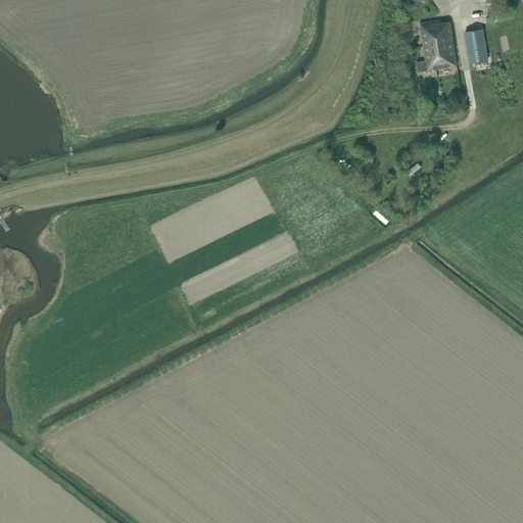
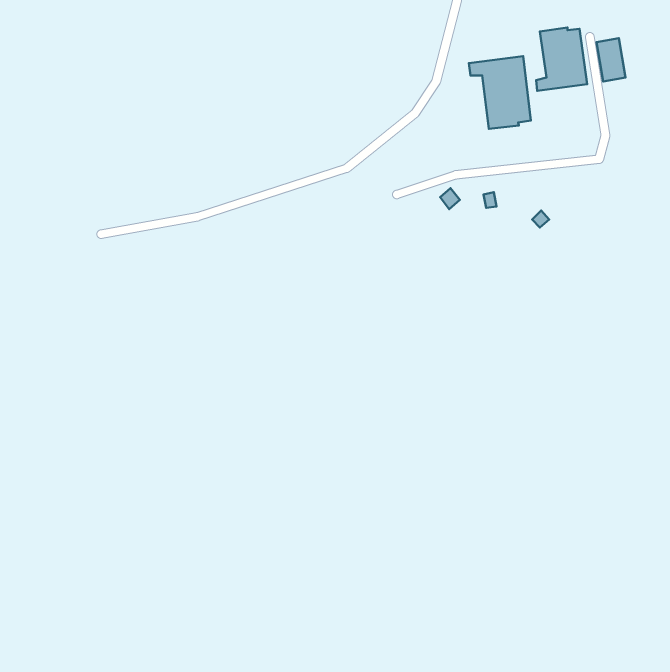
building: none -> [469,56,531,129]

